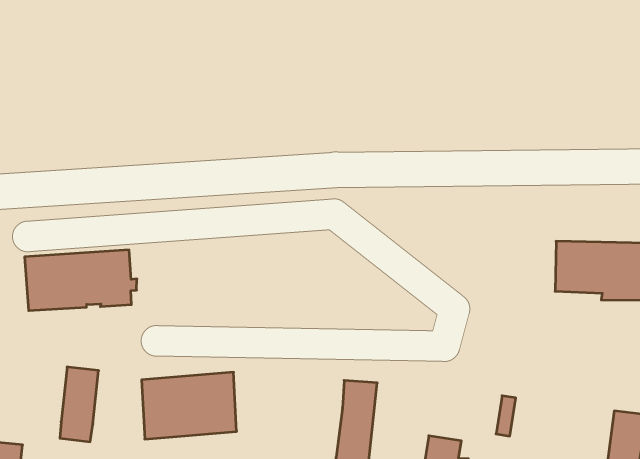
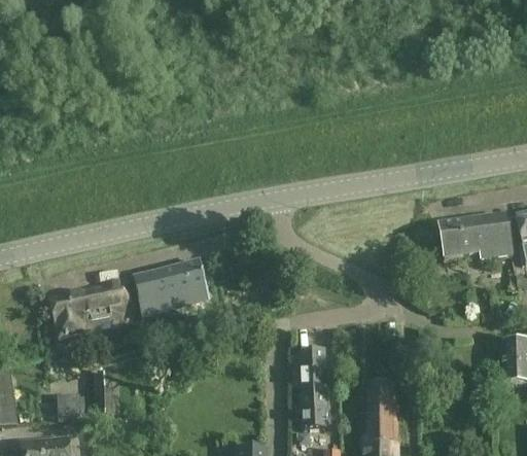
building: [142,372,237,439] -> [133,258,209,318]
building: none -> [57,392,84,421]

